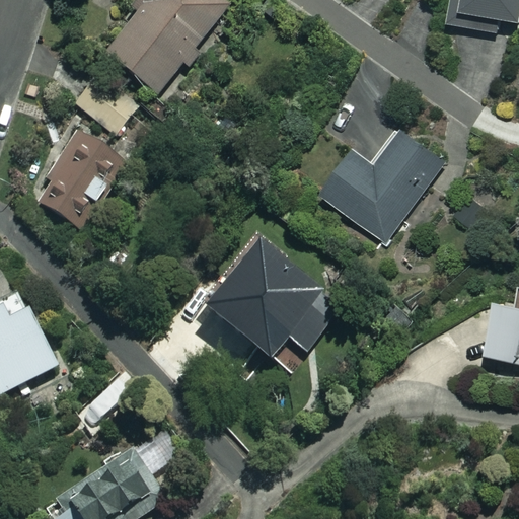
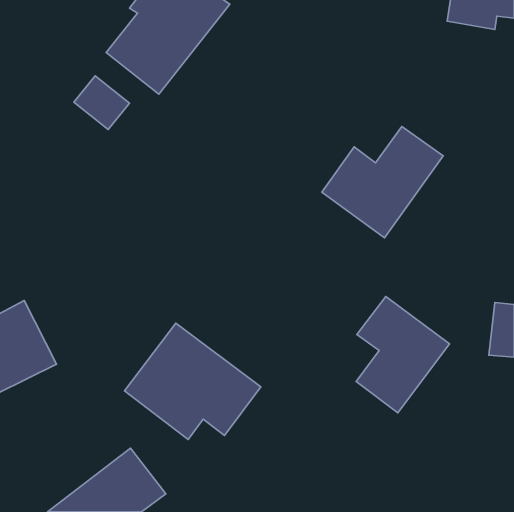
building: [32,128,118,230] -> none
building: [206,241,343,358] -> [124,323,261,439]
building: none -> [356,296,450,413]

